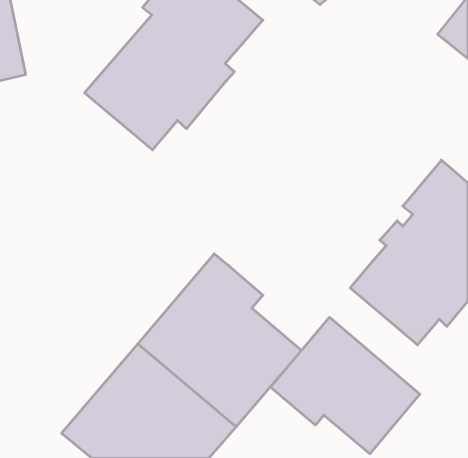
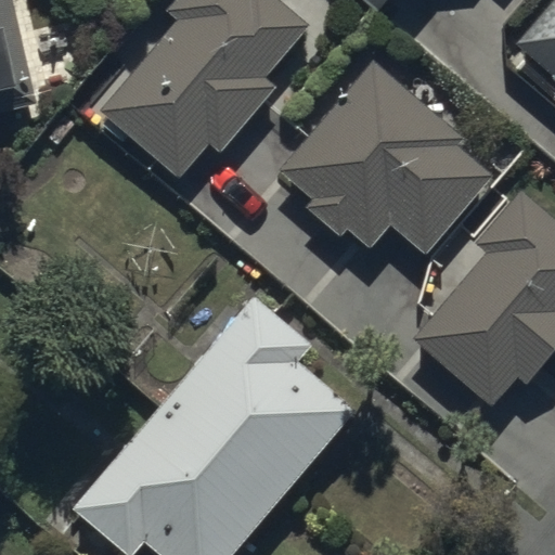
building: none -> [279,60,493,254]
building: [271,317,420,454] -> none

